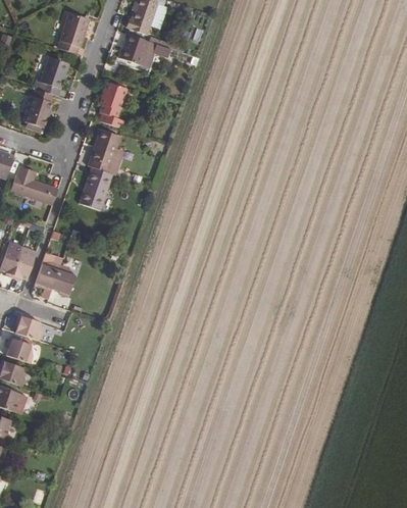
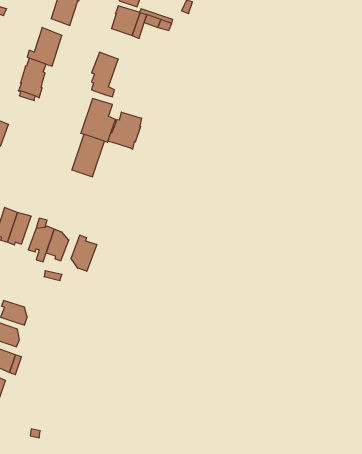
building: none -> [108,112,142,149]
building: [10,166,58,205] -> none
building: none -> [71,235,97,271]
building: [14,314,41,341] -> none

